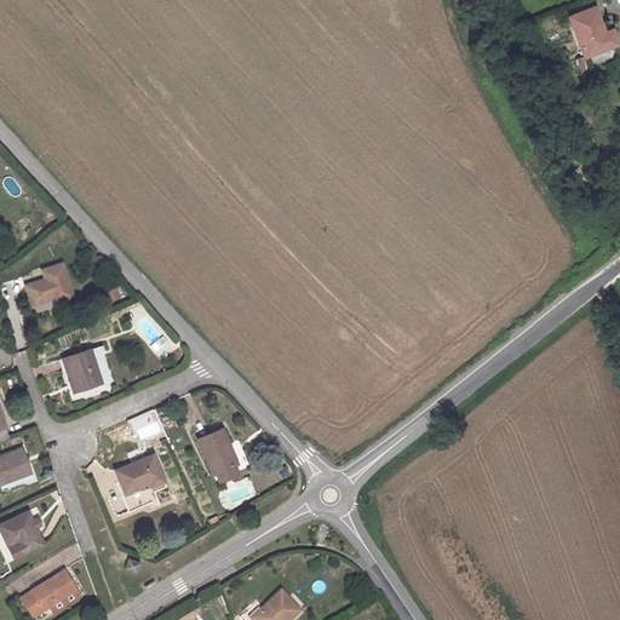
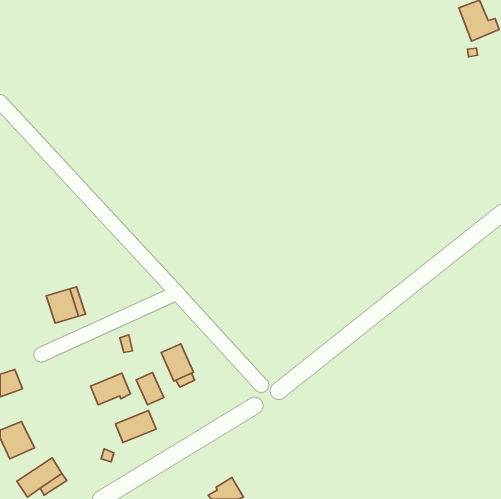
building: [21,264,68,306] -> none
building: none -> [136,372,164,405]
building: none -> [115,411,156,443]

